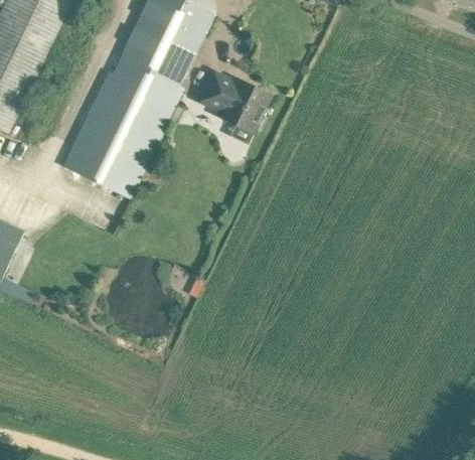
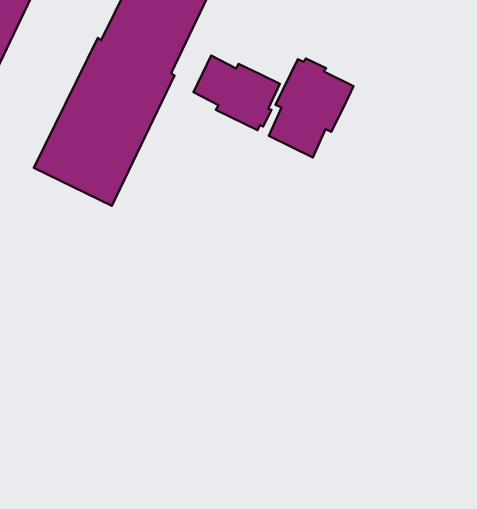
building: none -> [269,59,353,157]

